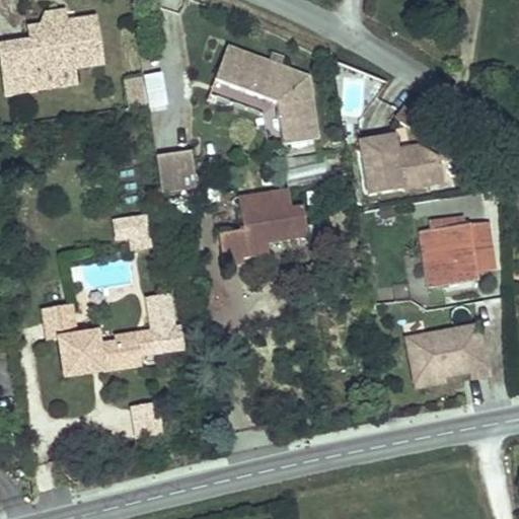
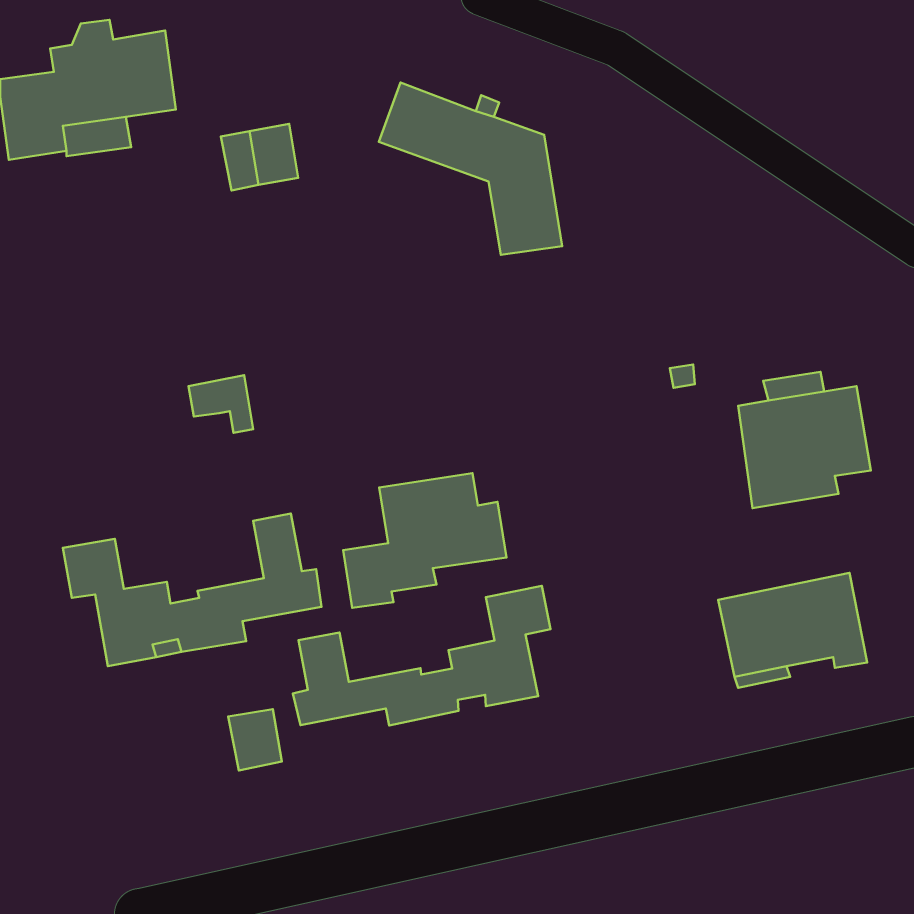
building: [364,132,448,192] -> none
building: [156,149,197,192] -> none
building: [217,191,309,267] -> [343,473,507,608]
building: none -> [293,586,551,726]

